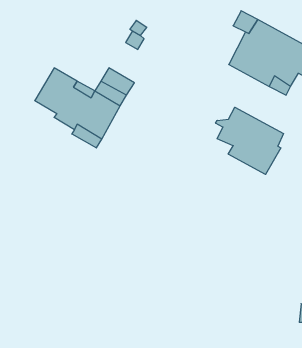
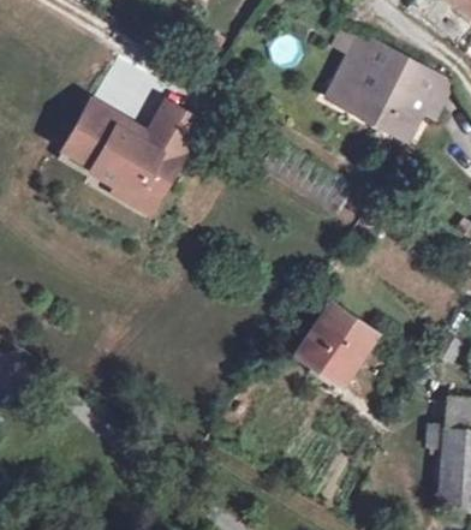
building: [216,107,284,174] -> none
building: none -> [297,305,374,385]

